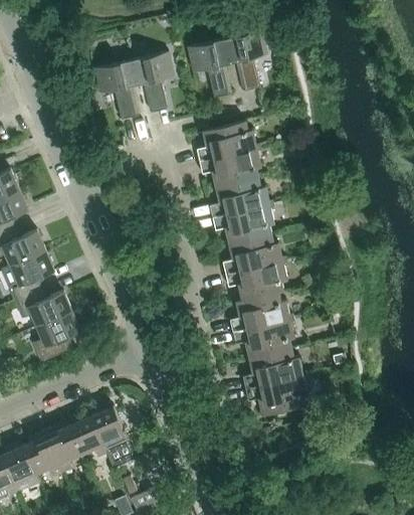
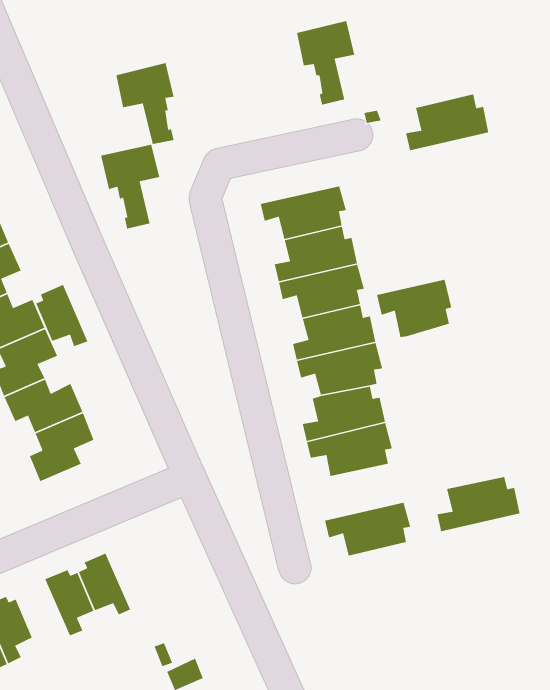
building: [188,39,231,99] -> none
building: [132,52,175,114] -> [100,144,160,229]
building: [196,121,256,162] -> [405,94,489,151]
building: none -> [376,279,452,338]
building: none -> [35,284,88,347]
building: [242,349,302,389] -> [436,476,520,532]
building: [88,405,126,454] -> none
building: [24,432,62,478] -> none

